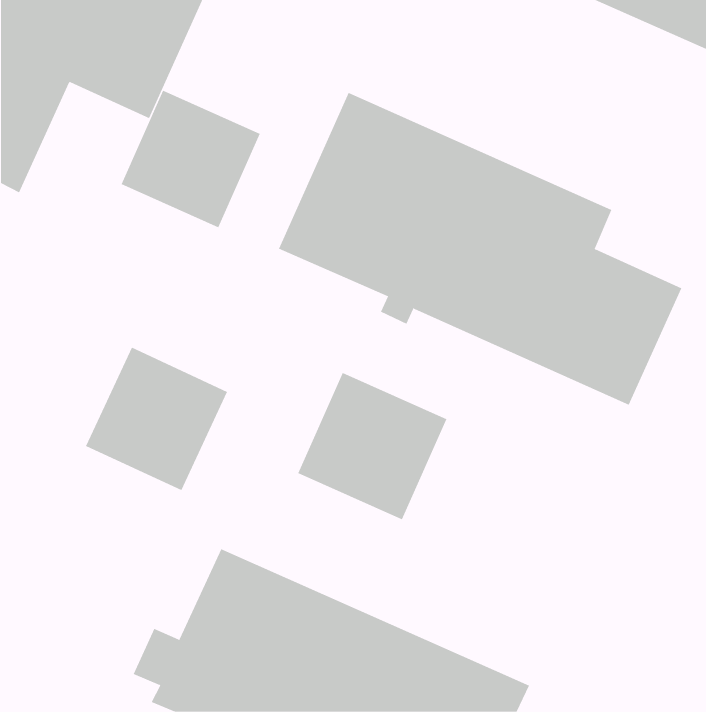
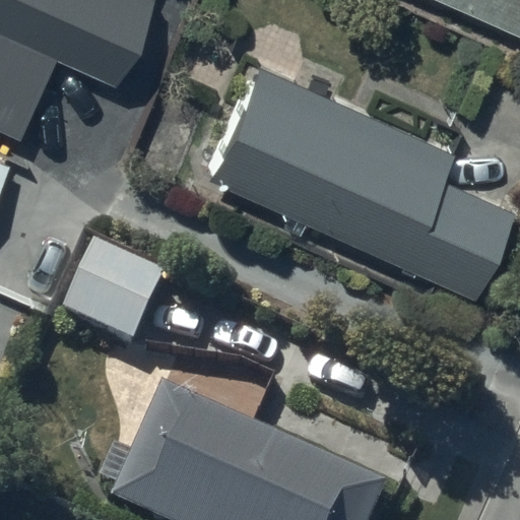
building: [121,90,261,228] -> none
building: [297,372,447,520] -> none

